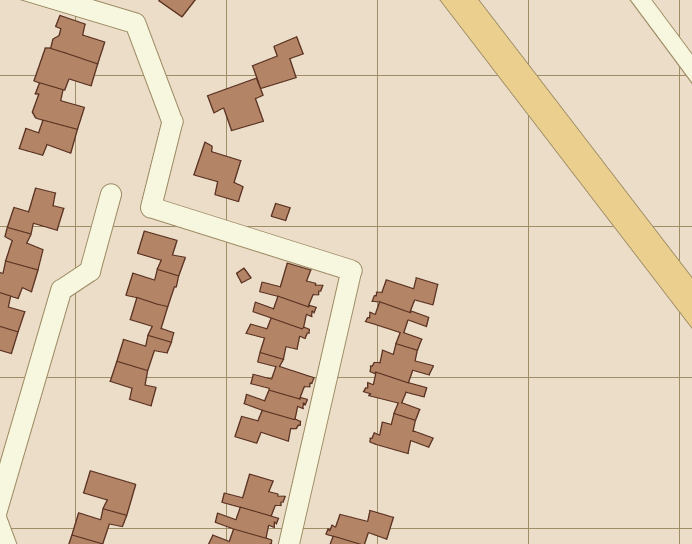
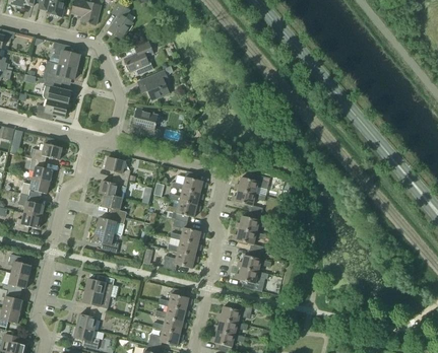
building: [252,37,303,88] -> [124,42,151,71]
building: none -> [234,267,268,289]
building: none -> [84,275,114,296]

